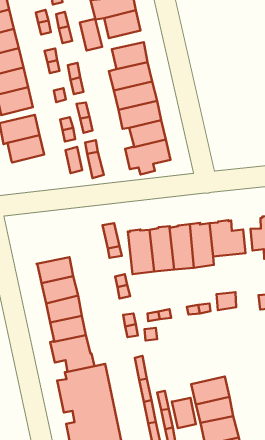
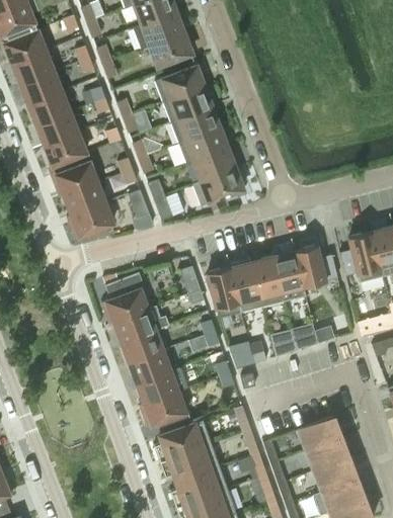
building: [80,19,102,50] -> none
building: none -> [66,201,112,240]
building: none -> [100,271,147,323]
building: [172,398,196,428] -> none

